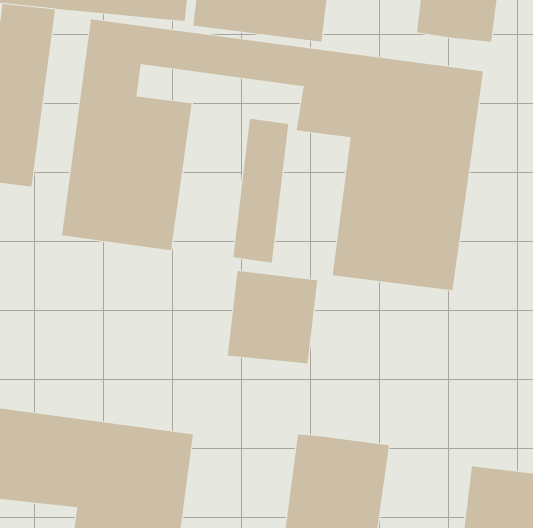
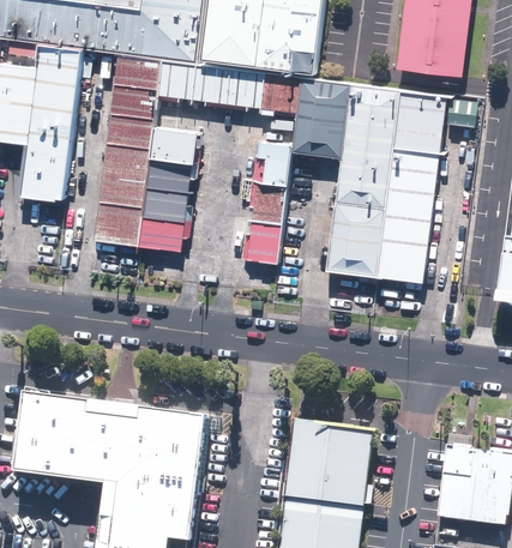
building: [227,270,318,364] -> none

